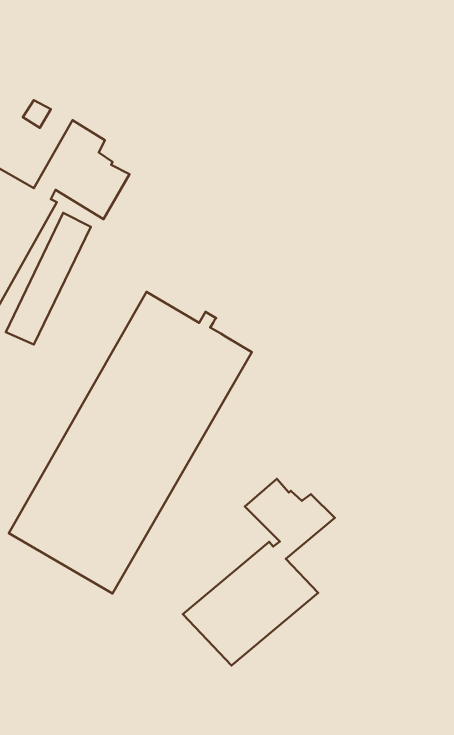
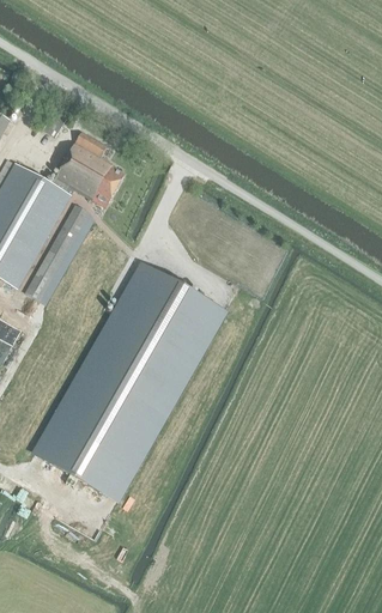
building: [183,479,335,665] -> none

